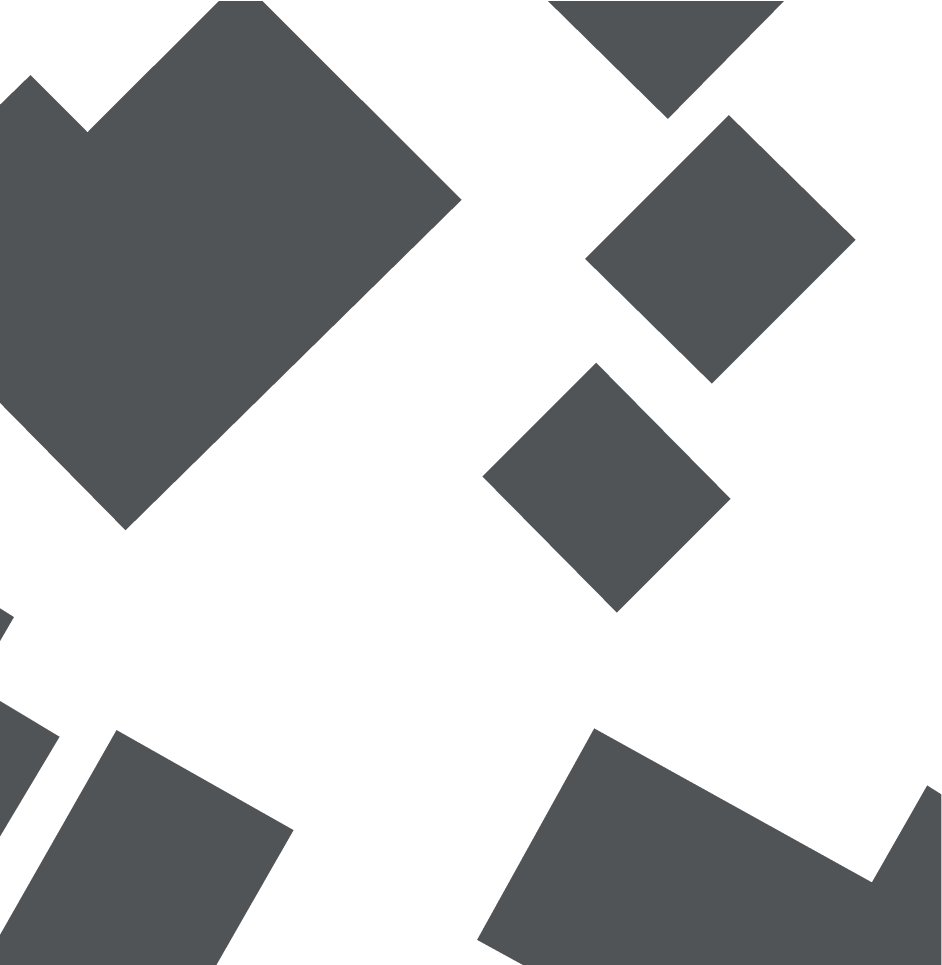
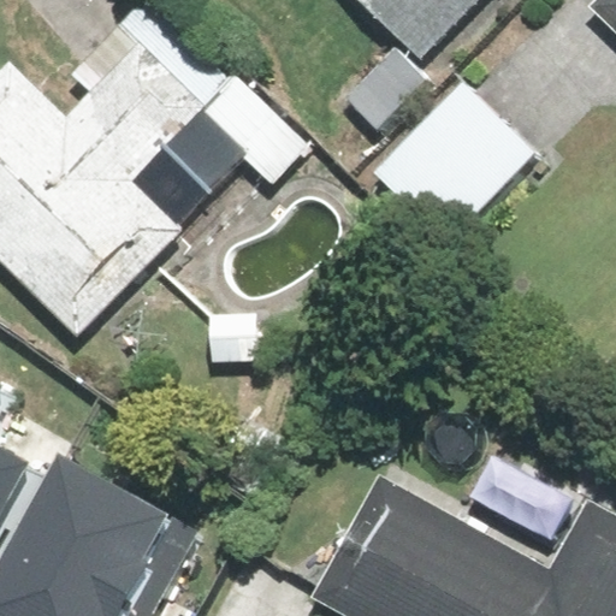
building: [481,362,732,614] -> none

